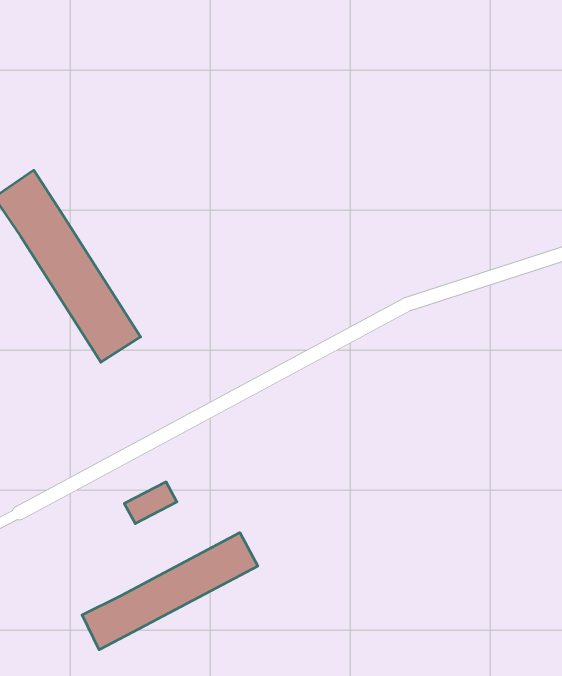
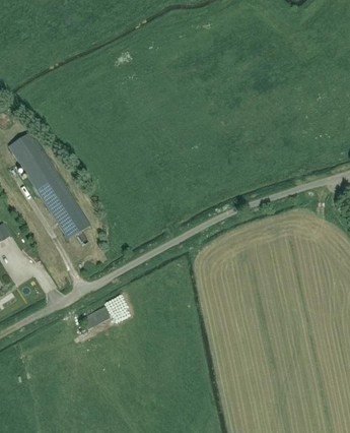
building: [82,533,258,650] -> none

